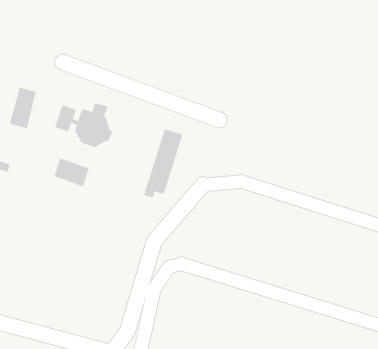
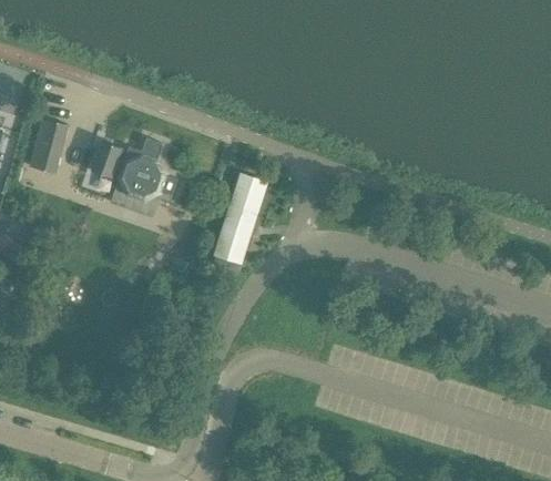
building: [54,158,89,187] -> none

